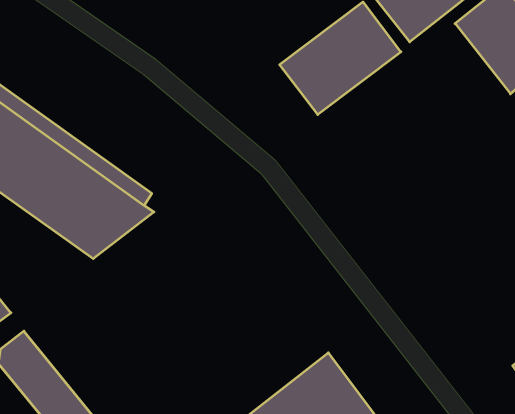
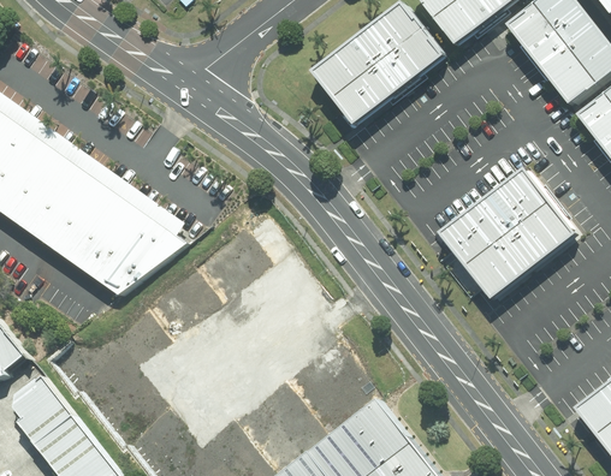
building: none -> [441,169,575,297]

